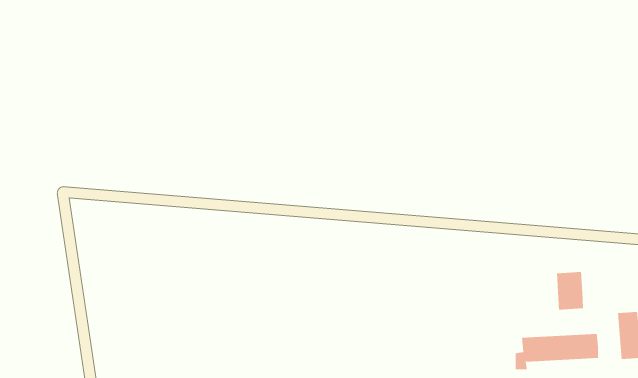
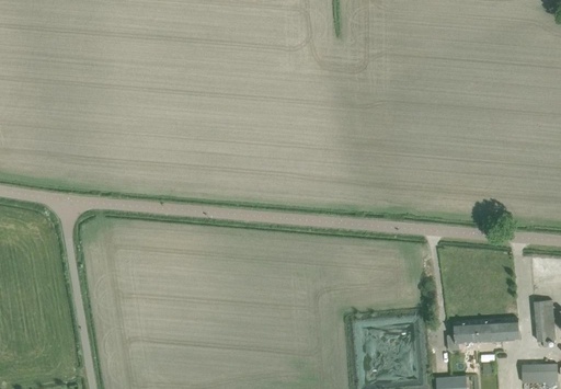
building: [557,271,583,311] -> none

